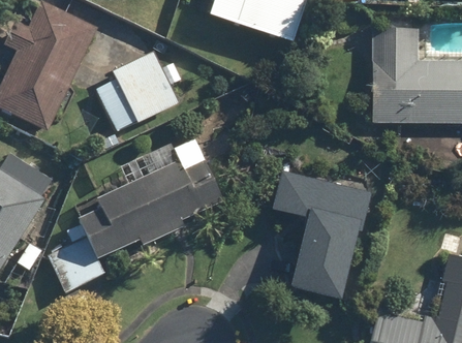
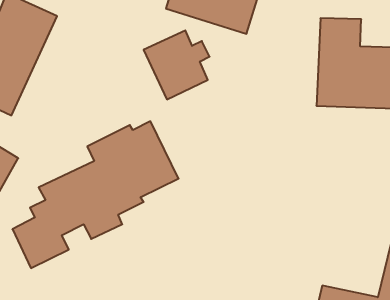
building: [111,50,181,123] -> [144,30,210,99]
building: [274,170,369,301] -> none

